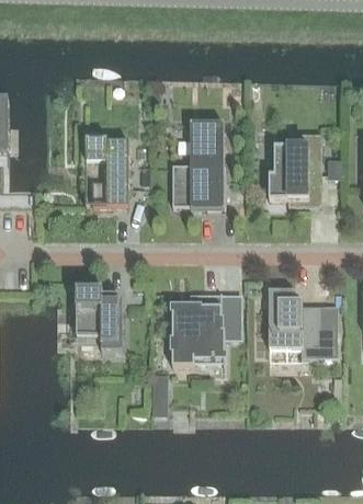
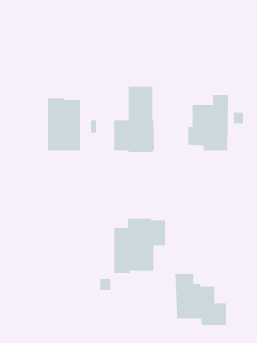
building: [76,288,122,348] -> none
building: [268,288,336,356] -> [175,273,227,326]

